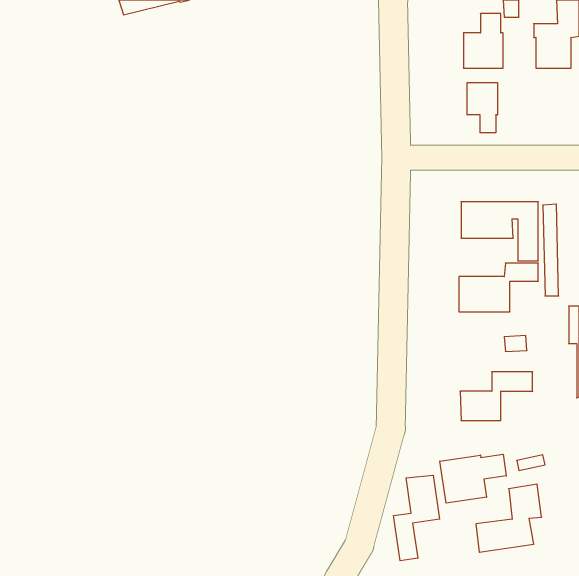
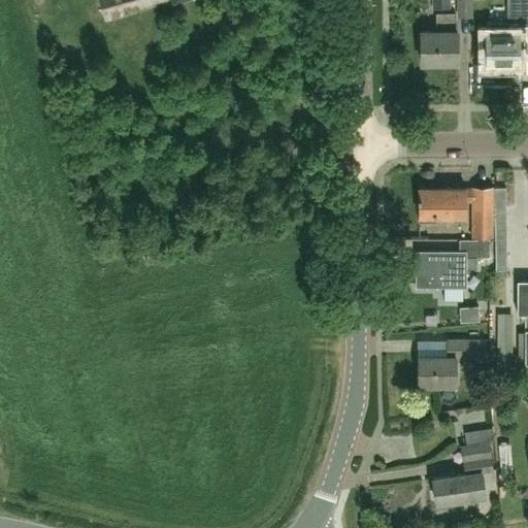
building: [467,83,497,133] -> none
building: [440,454,506,503] -> none
building: [394,475,440,561] -> none

